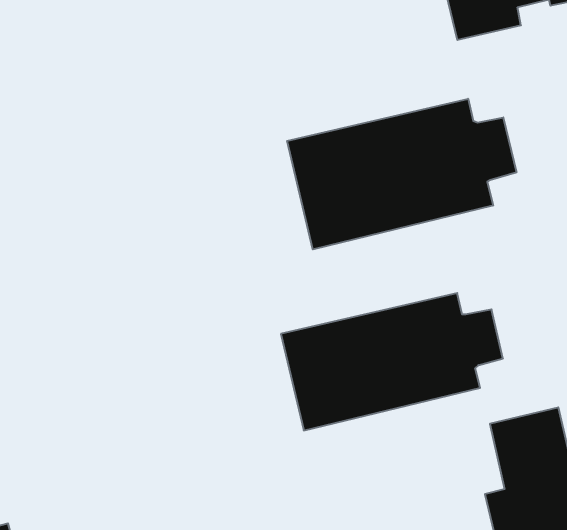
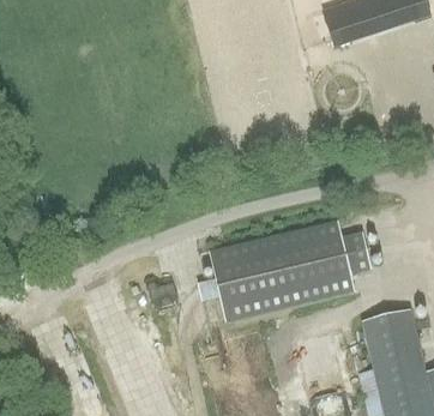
building: [287,99,516,249] -> none

